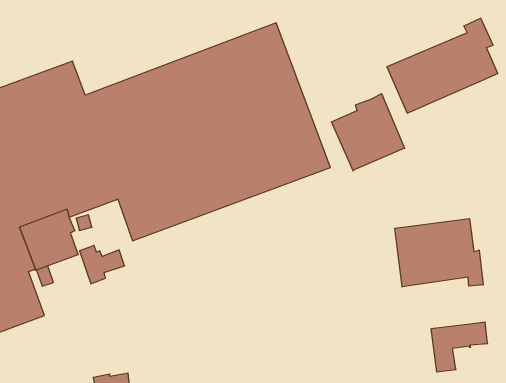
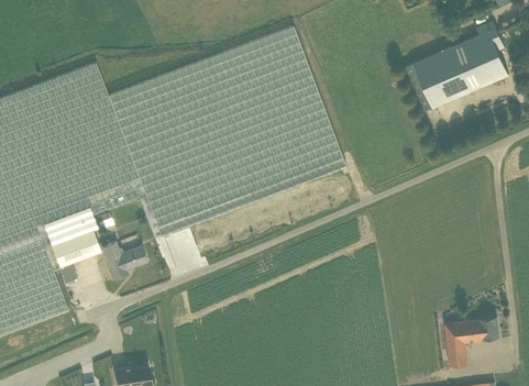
building: [332,94,405,171] -> none
building: [395,219,483,287] -> none

